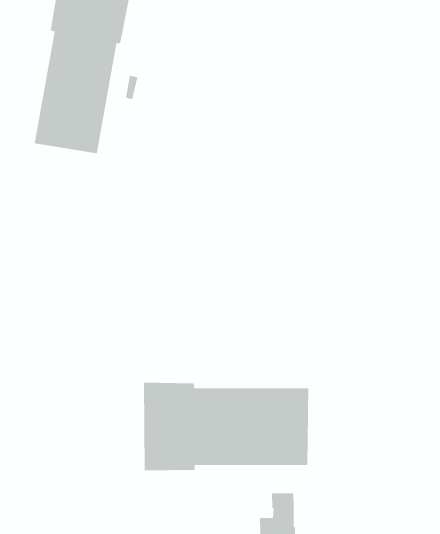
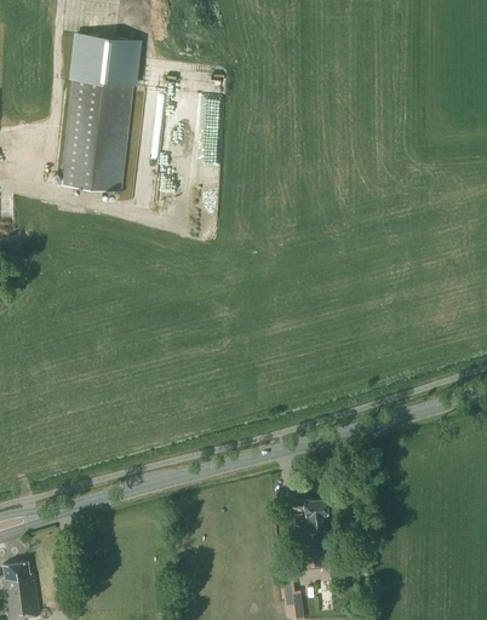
building: [143,382,309,471] -> none

